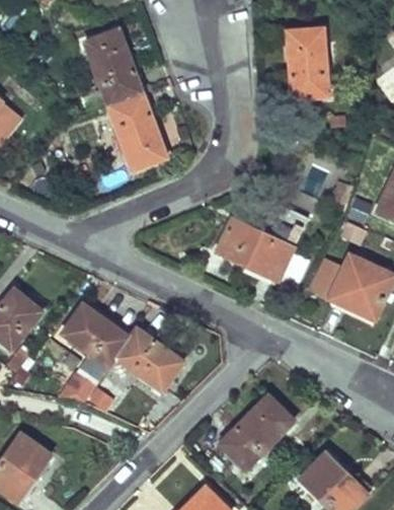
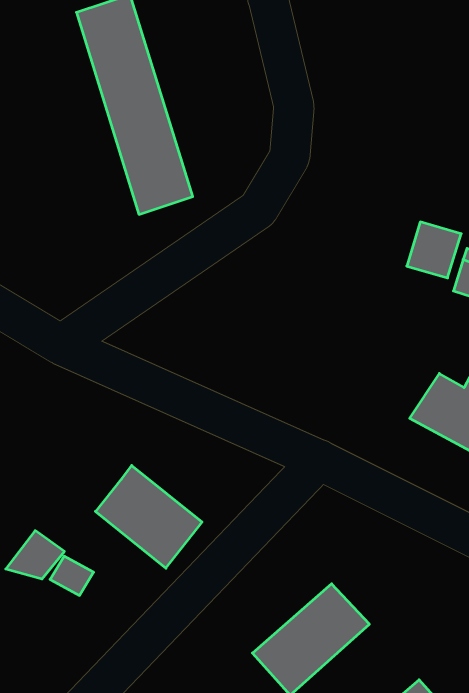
building: [288,27,328,98] -> none
building: [217,217,293,279] -> none
building: [62,302,130,366] -> none

